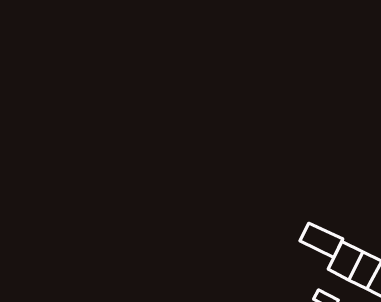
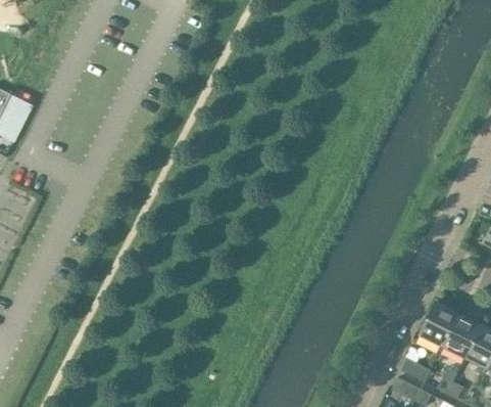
building: [300,223,343,258] -> none

